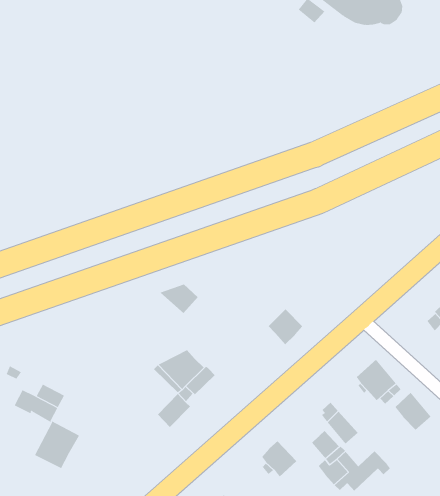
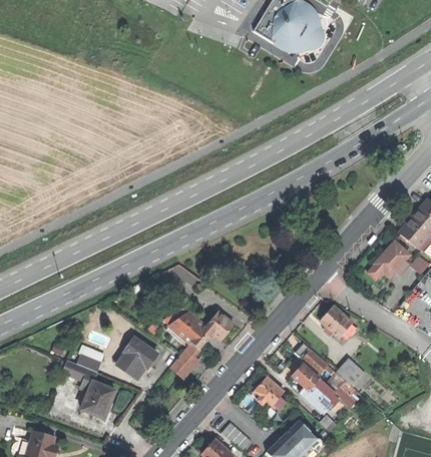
building: [268,309,303,345] -> [207,312,235,340]
building: none -> [117,338,157,376]
building: [394,392,431,431] -> [335,355,364,384]

